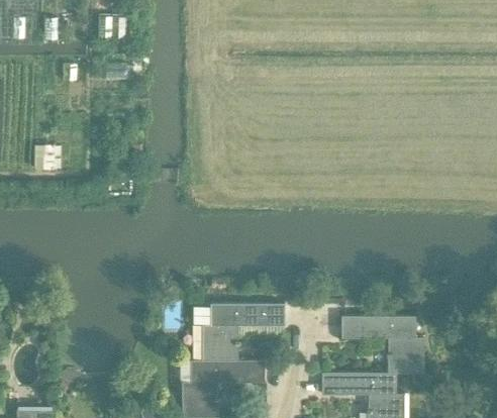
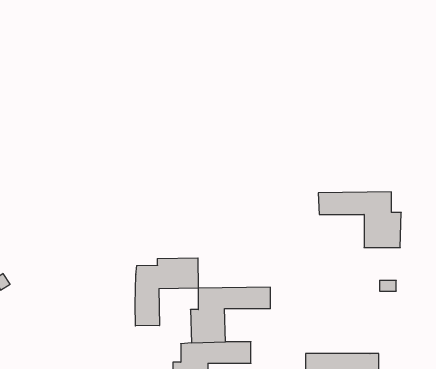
building: none -> [135,258,198,326]
building: [340,315,426,373] -> [318,192,401,248]

